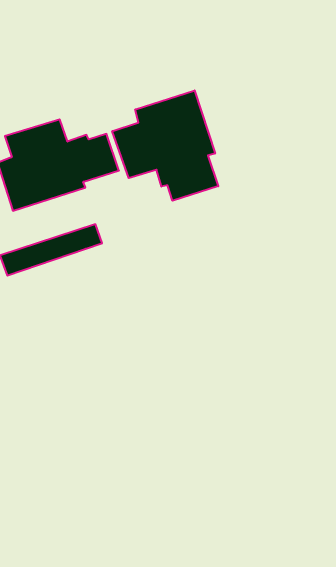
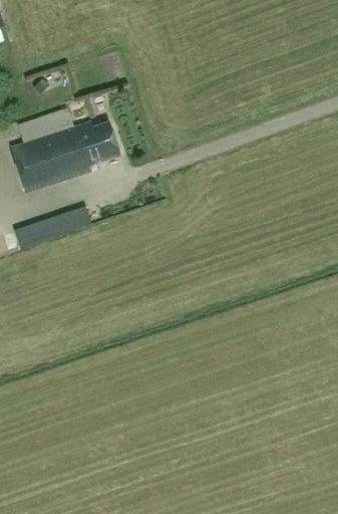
building: [112,90,218,201] -> none

